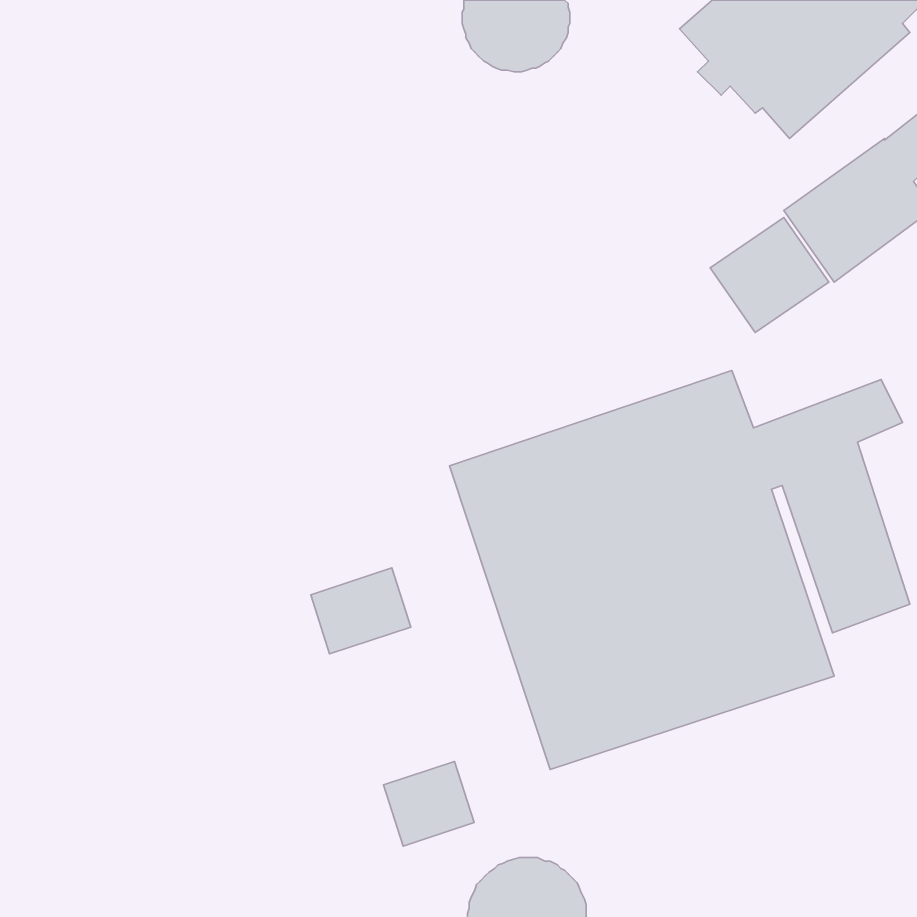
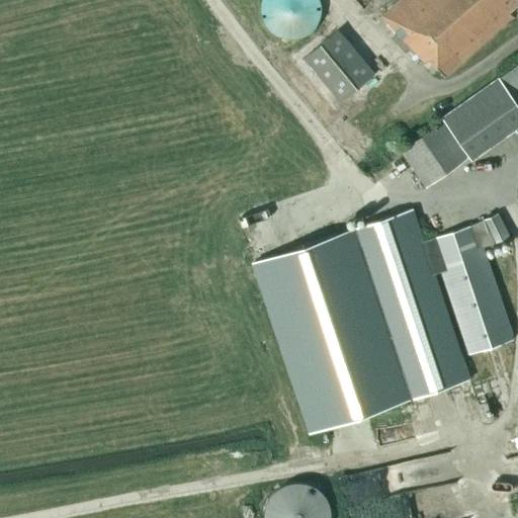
building: none -> [304,31,375,105]
building: [311,568,411,654] -> none
building: [383,761,474,846] -> none

